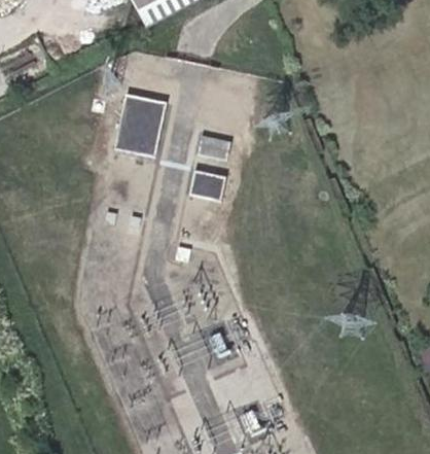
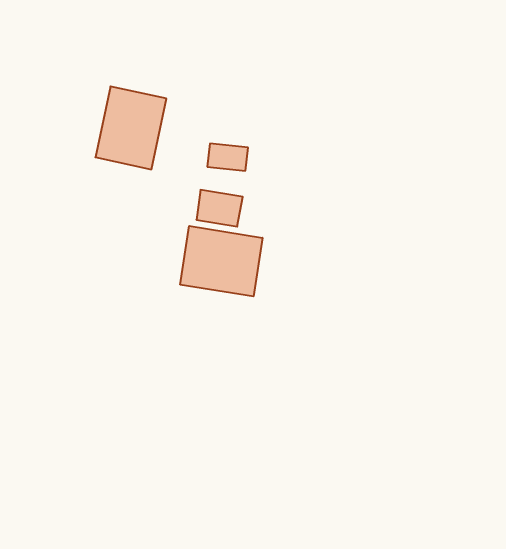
building: none -> [180,226,262,296]

